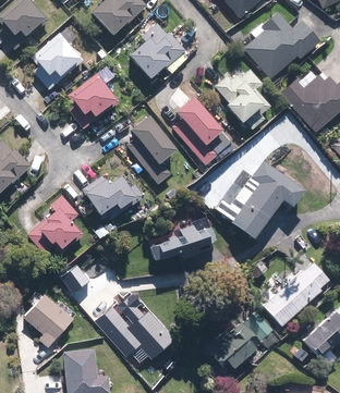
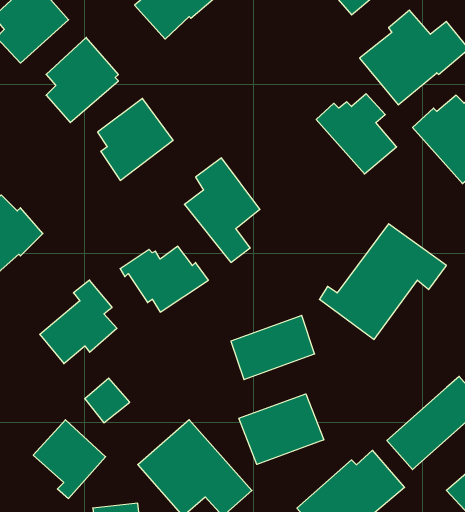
building: [131,24,185,77] -> none
building: [174,96,222,164] -> none
building: none -> [239,394,324,464]

